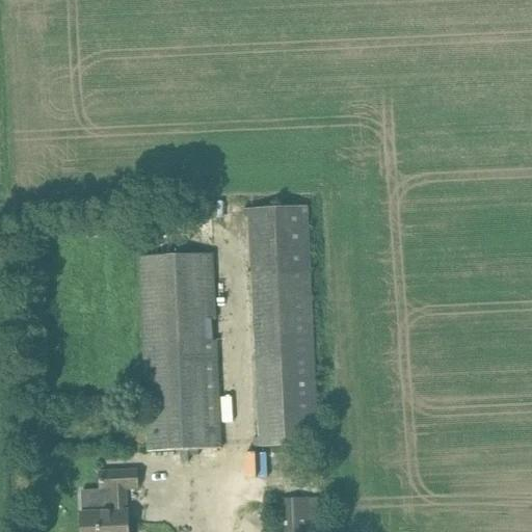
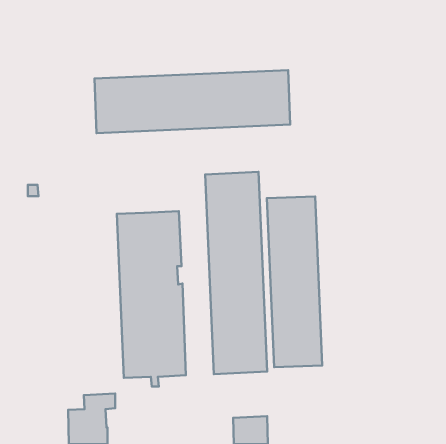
building: none -> [94,70,290,133]
building: none -> [267,196,322,367]

